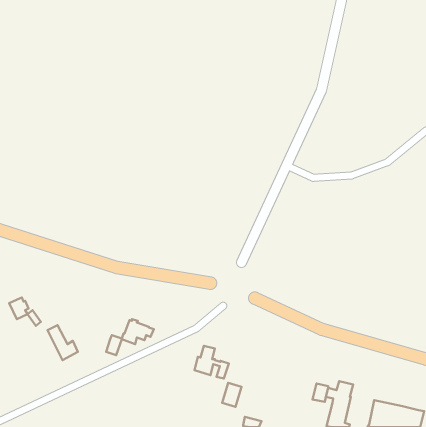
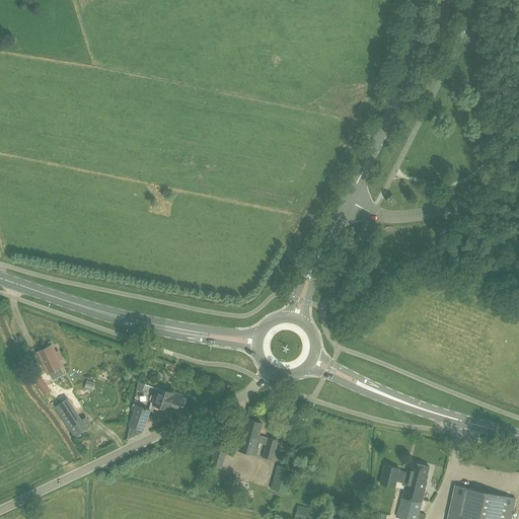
building: [9,297,28,319] -> [39,347,62,373]

